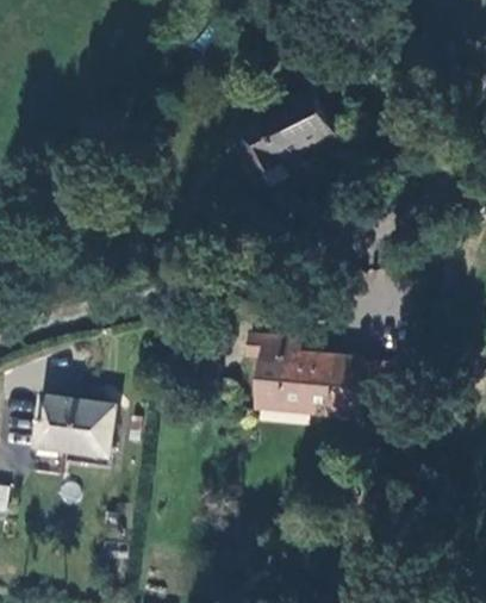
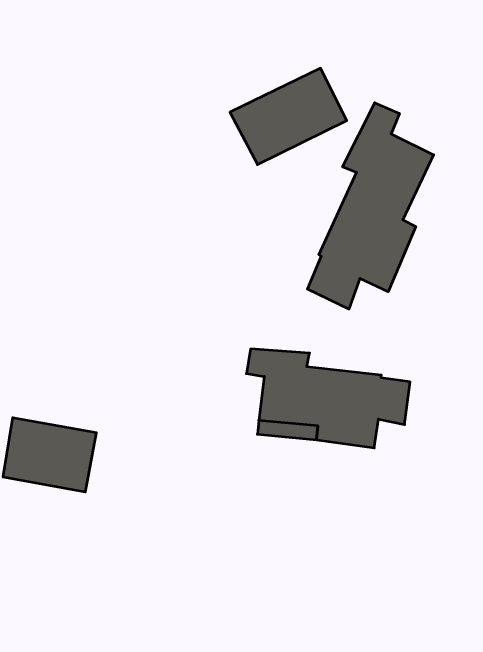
building: none -> [307,103,434,309]

